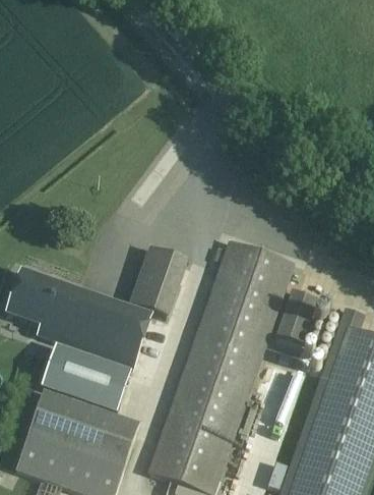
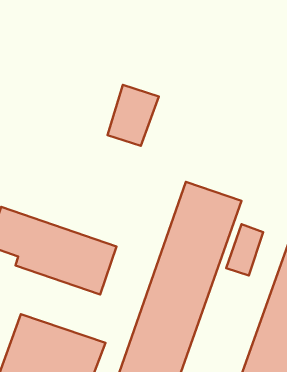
building: [129,249,187,318] -> [108,85,159,146]
building: [42,344,131,414] -> none

